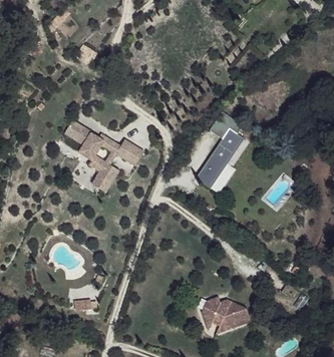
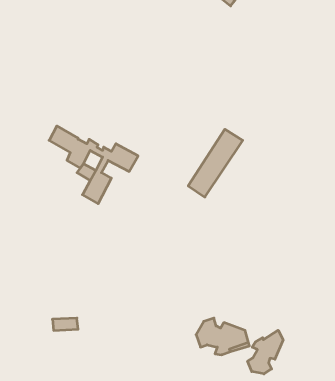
building: none -> [248,330,283,374]

